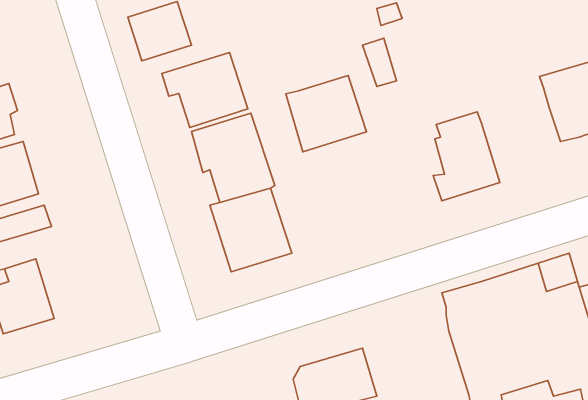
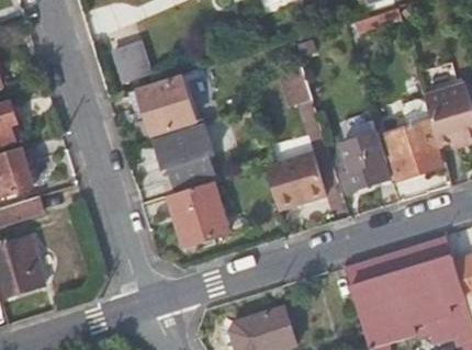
building: [286,75,366,152] -> [265,153,327,212]
building: none -> [377,100,442,179]

